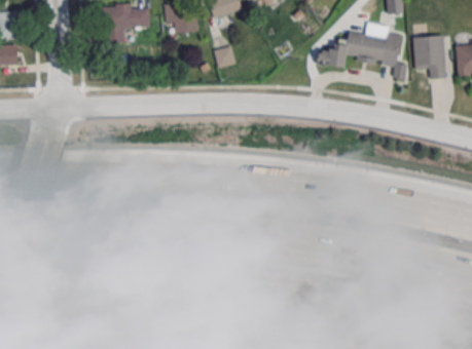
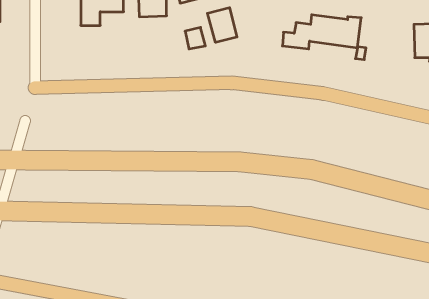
building: none -> [207,8,237,42]
building: [413,36,445,79] -> none

